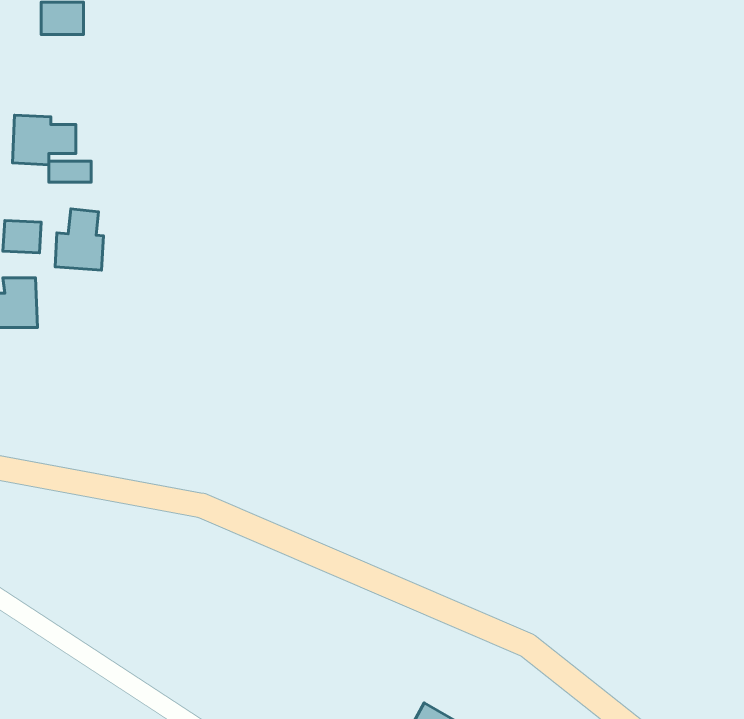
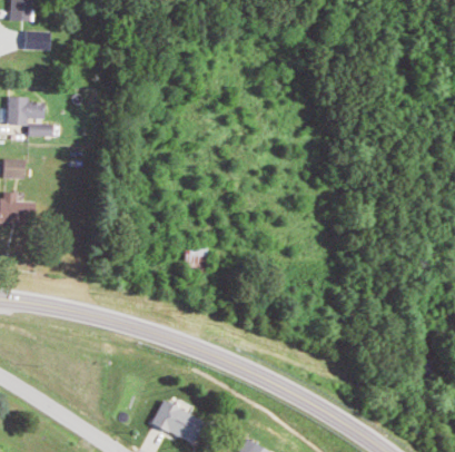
building: [55,209,103,270] -> none
building: none -> [151,400,199,441]

